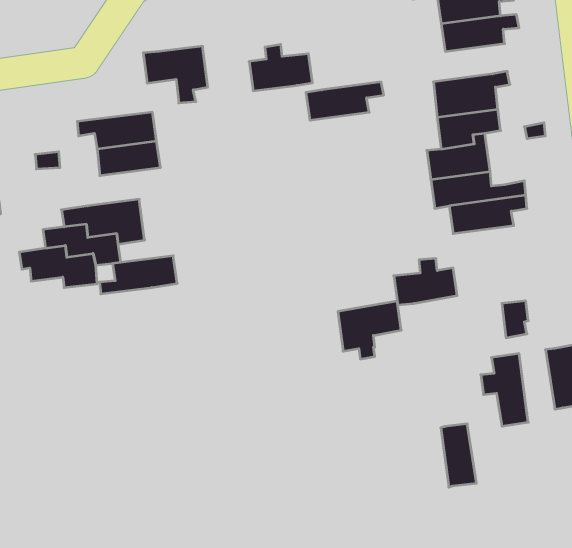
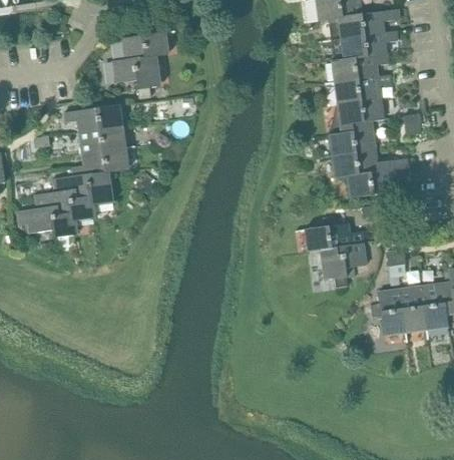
building: [249,44,312,91] -> [121,24,169,59]
building: [306,82,384,120] -> [330,53,389,82]
building: [99,256,177,294] -> [69,147,128,176]
building: [338,301,401,359] -> [318,243,366,287]
building: [441,424,476,487] -> [398,286,425,334]

